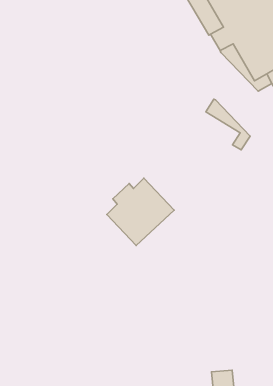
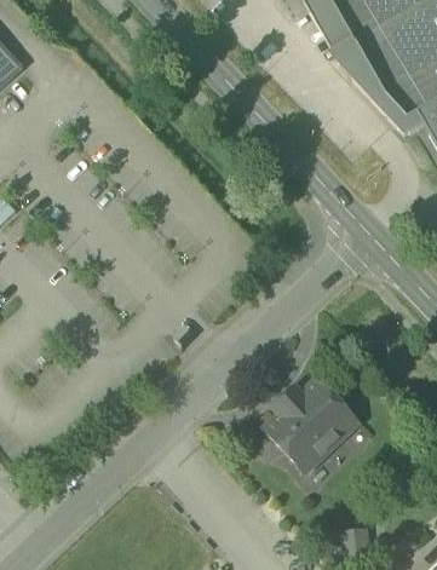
building: [206,99,250,150] -> none
building: [107,178,174,246] -> [263,378,357,472]

